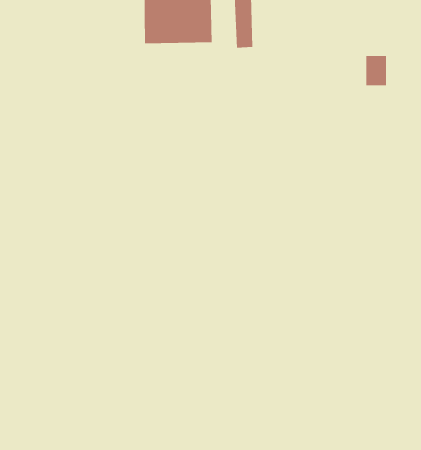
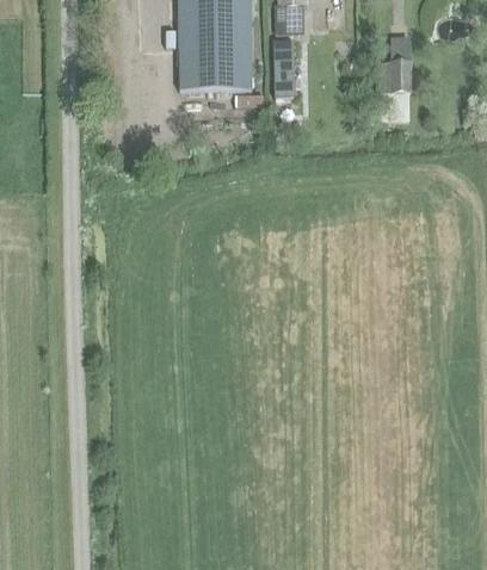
building: [366,55,387,86] -> [390,57,413,89]

